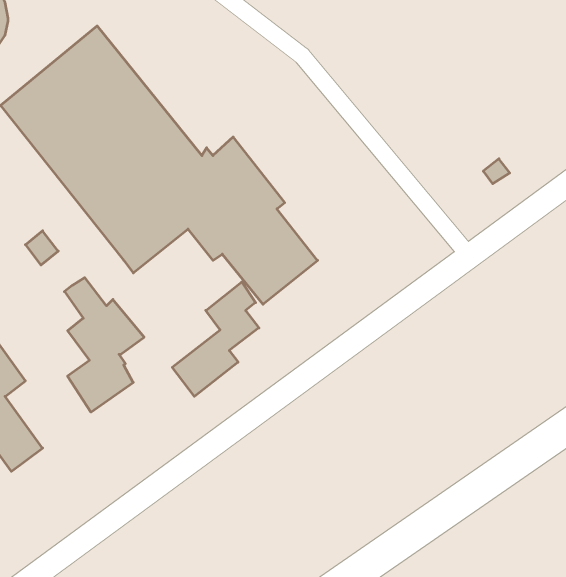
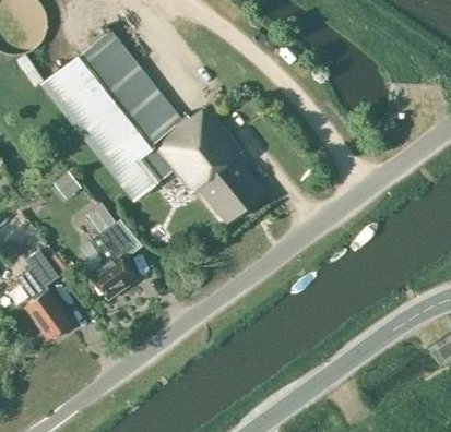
building: [172,282,259,396] -> none

